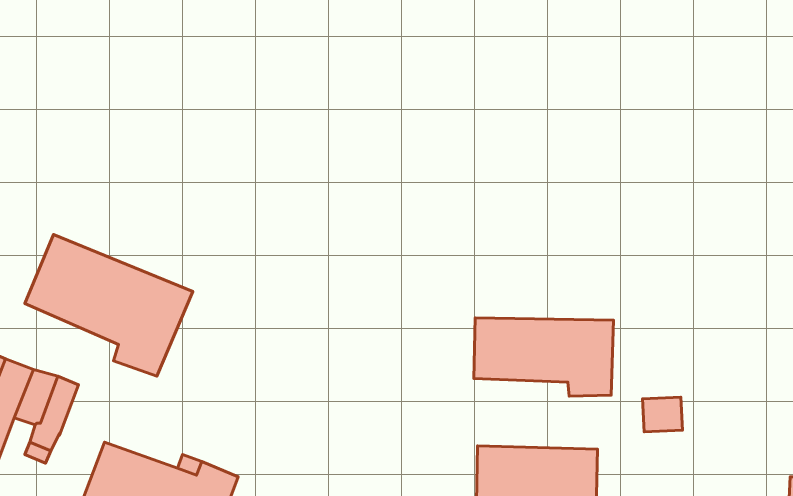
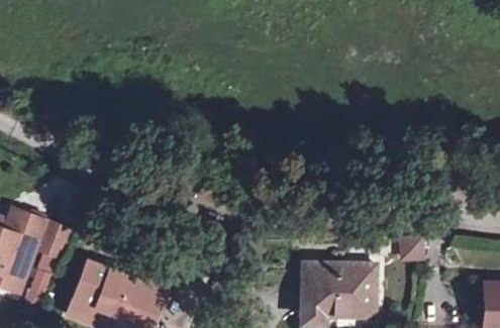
building: [25,234,193,376] -> none
building: [474,318,613,396] -> none

